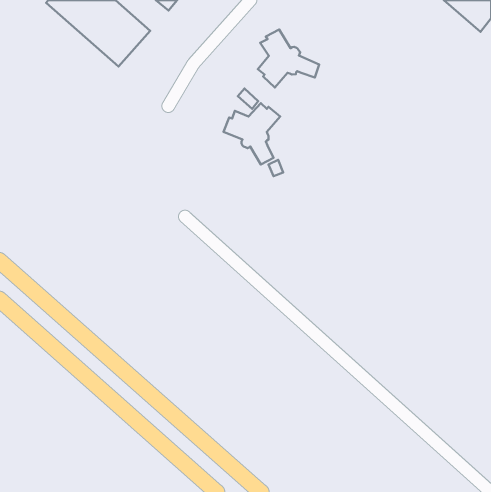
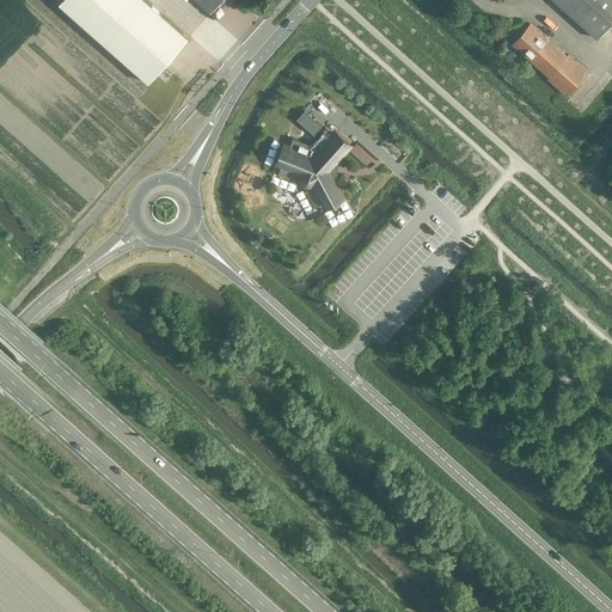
building: none -> [512,24,586,96]
building: [258,30,319,87] -> none

